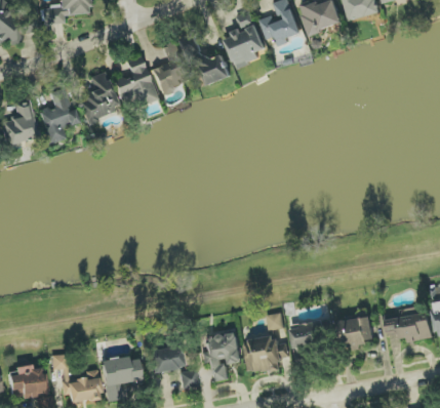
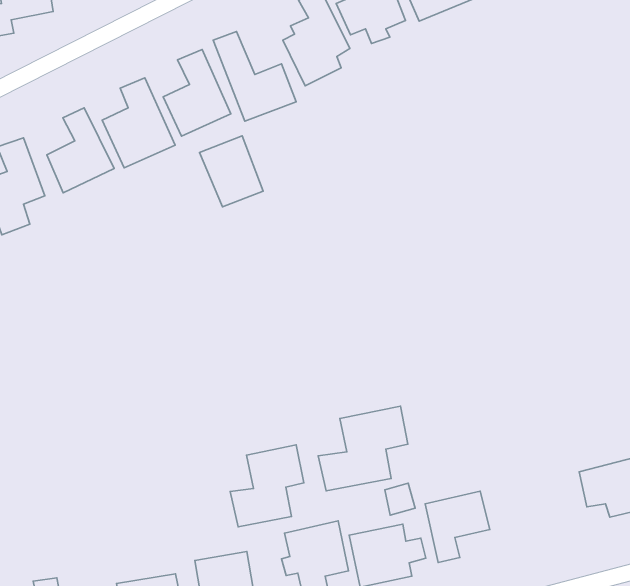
building: none -> [200,136,263,207]
building: none -> [318,406,408,491]
building: none -> [230,445,304,527]
building: [341,317,373,350] -> none

